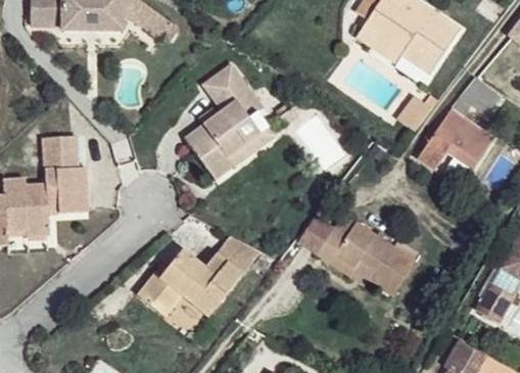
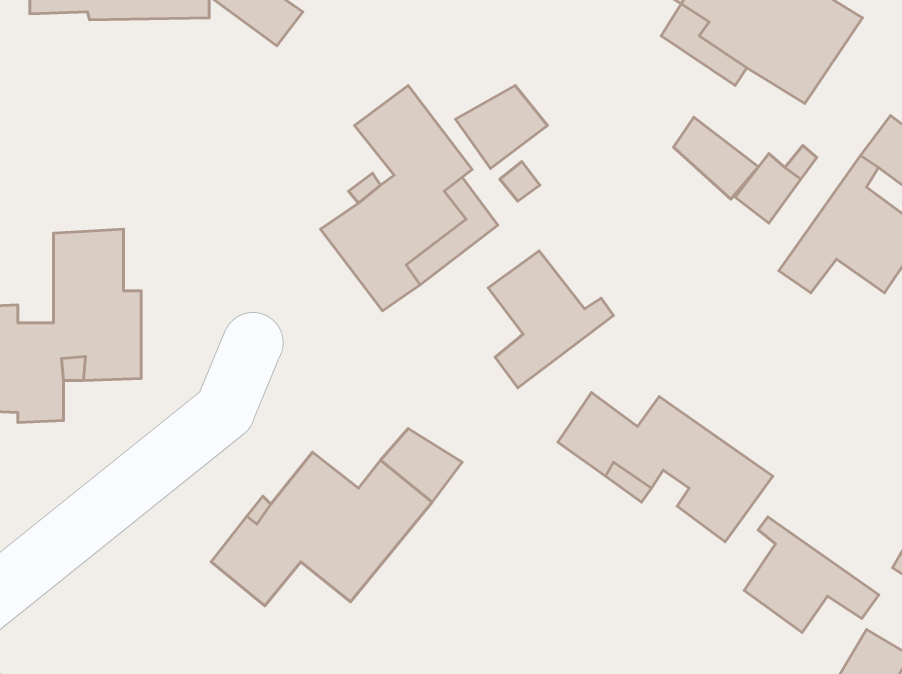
building: none -> [455,85,548,169]
building: none -> [673,117,759,199]
building: none -> [488,251,613,388]
building: none -> [744,517,879,633]

